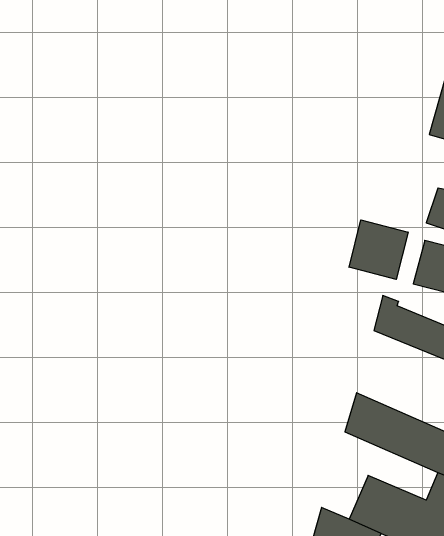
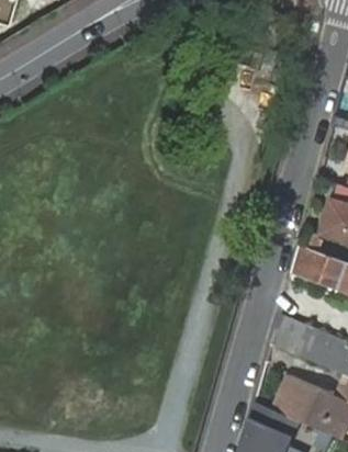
building: [349,220,408,279] -> none

